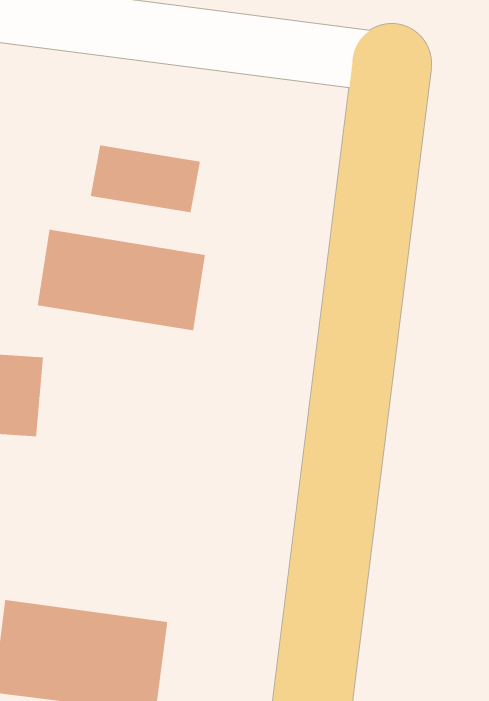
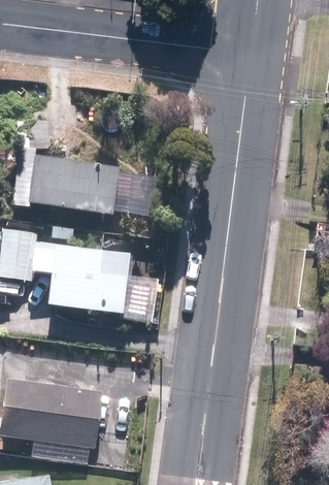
building: [90,145,201,213] -> none
building: none -> [48,238,164,315]

